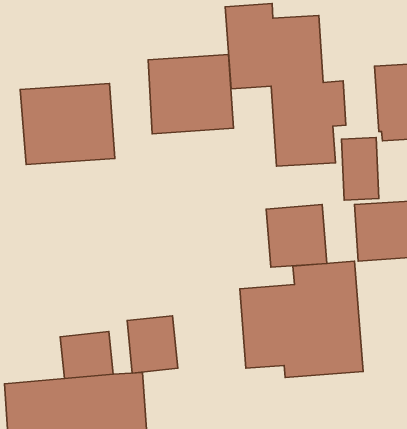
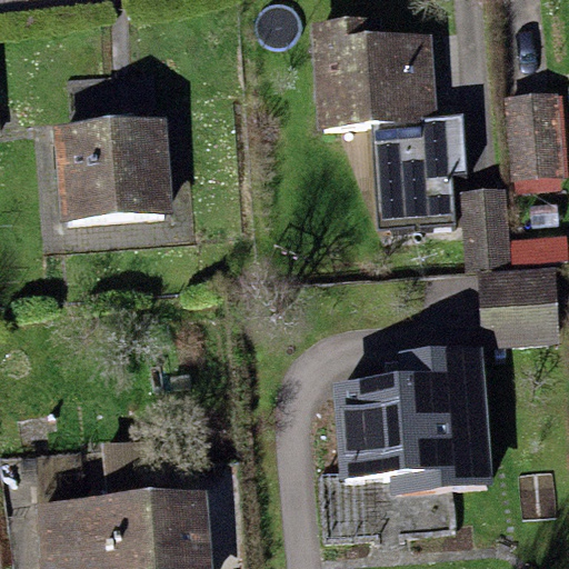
building: [148,54,234,134] -> none
building: [266,204,327,267] -> none
building: [127,316,178,373] -> none

